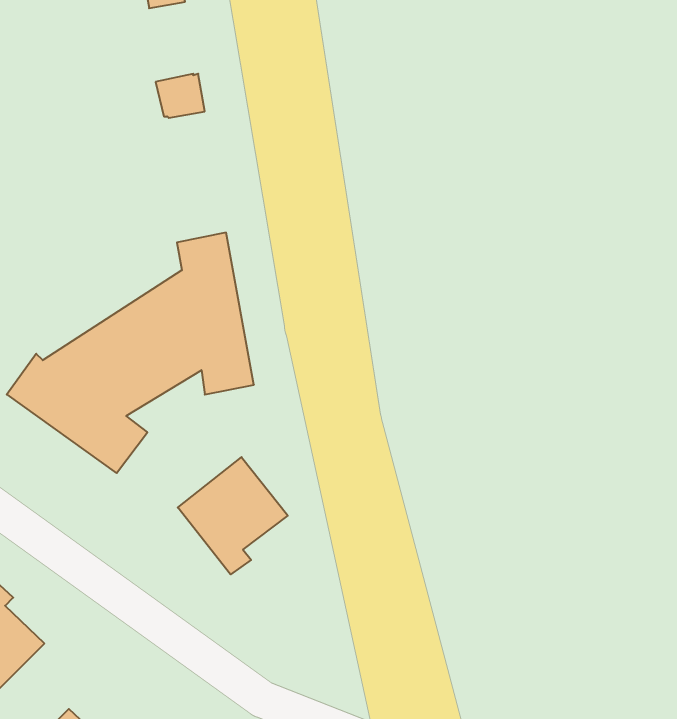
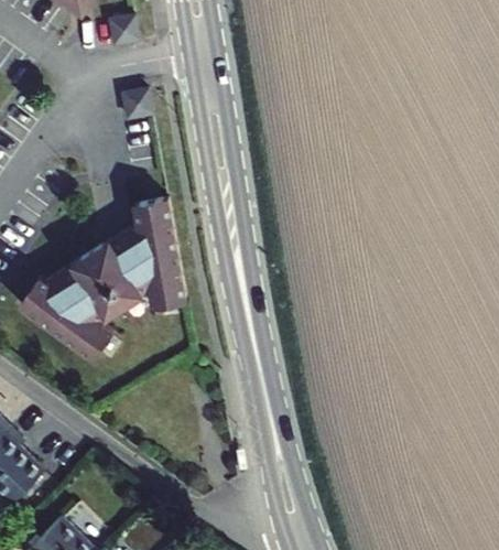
building: [178,457,288,574] -> none

